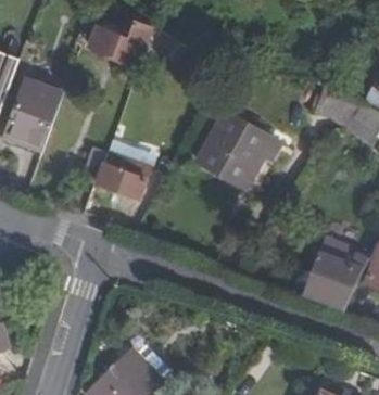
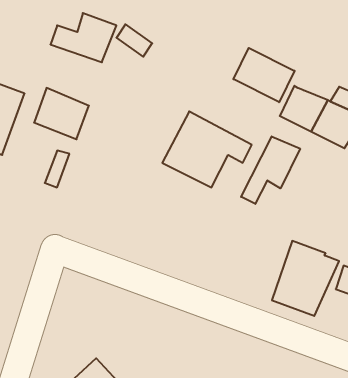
building: none -> [233,48,295,102]
building: none -> [241,136,300,204]
building: [98,150,151,200] -> [34,88,89,139]

